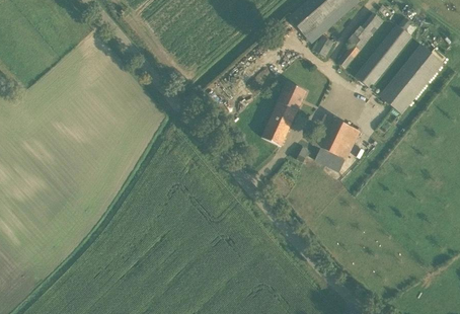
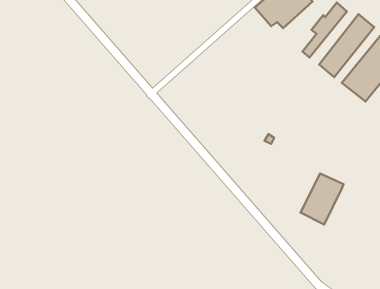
building: [261,82,306,146] -> none
building: [314,120,359,172] -> [301,173,344,224]

